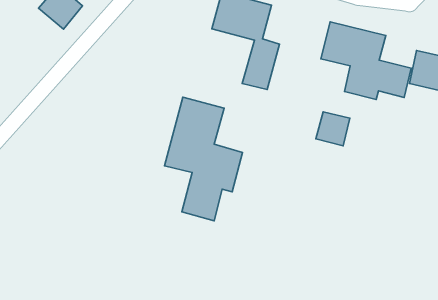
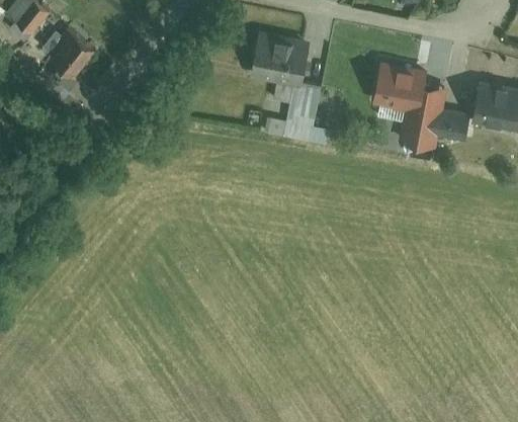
building: [164,97,243,221] -> none
building: [316,112,350,146] -> none

